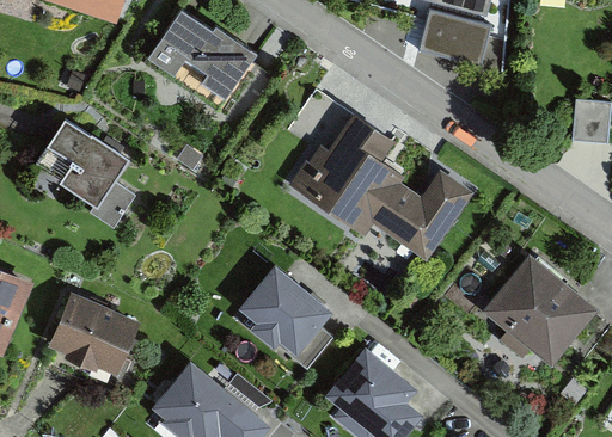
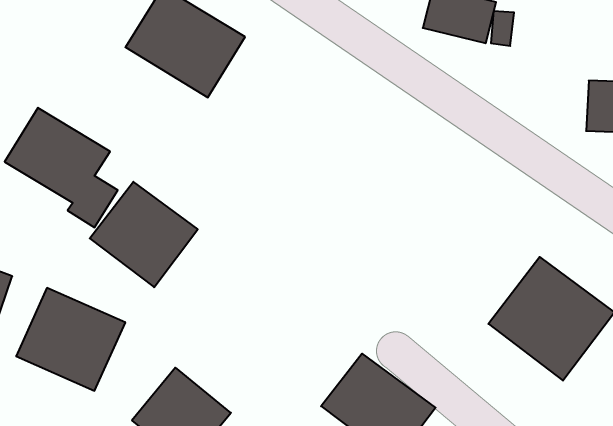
building: [289,115,477,266] -> none
building: [231,266,331,364] -> [90,182,198,287]

